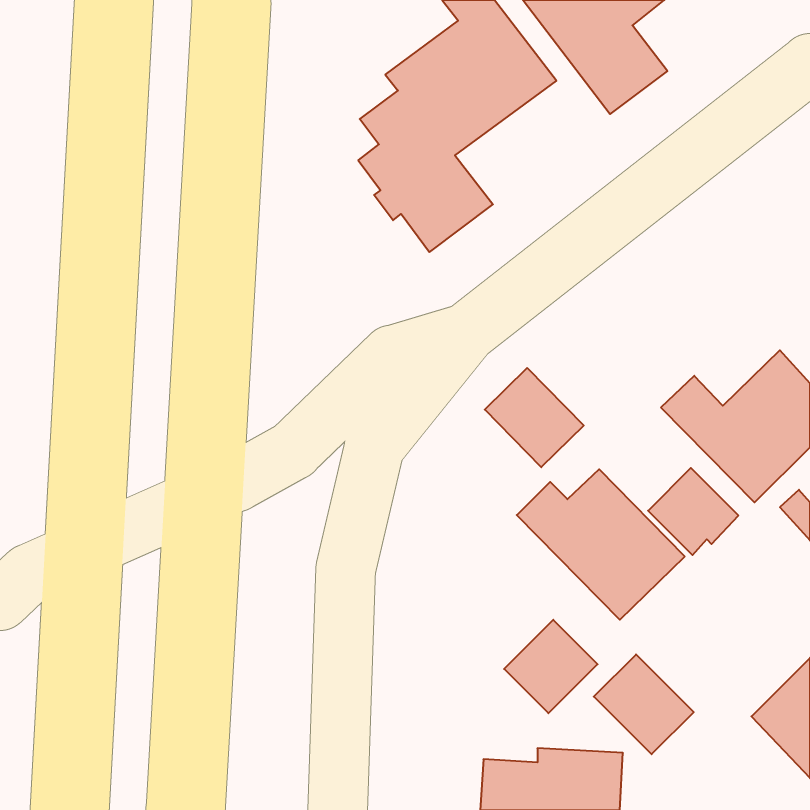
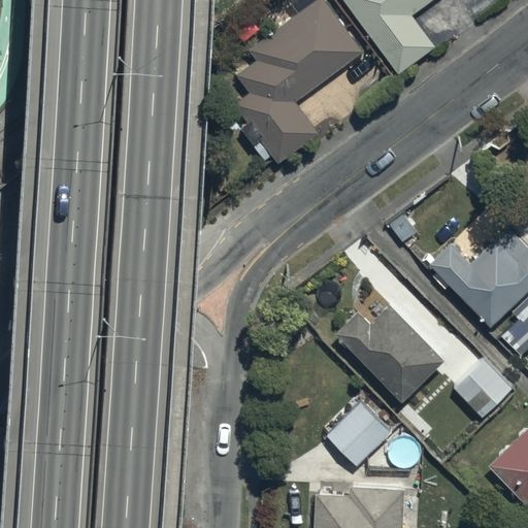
building: [485,368,584,467] -> none
building: [648,468,738,555] -> [456,360,515,417]
building: [594,654,694,754] -> none

